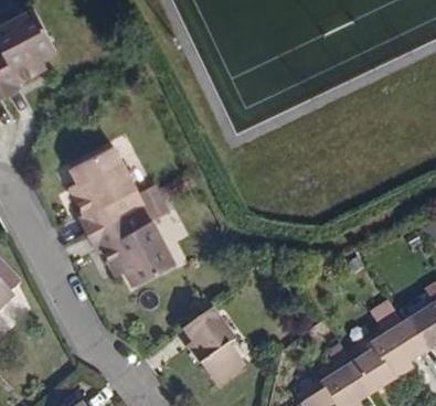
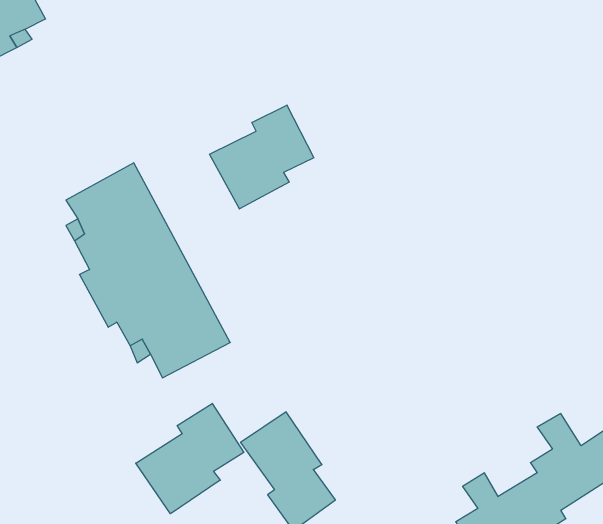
building: none -> [210,105,314,209]
building: none -> [136,403,244,514]

